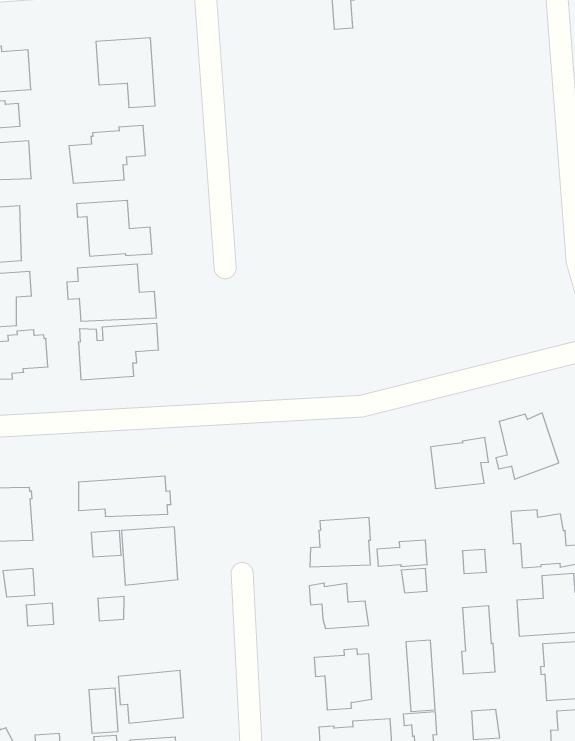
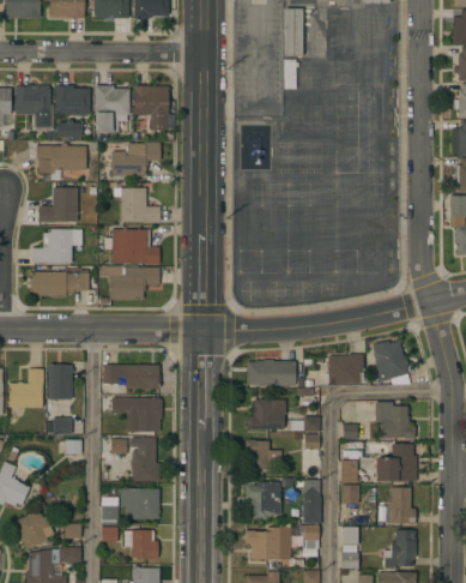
building: none -> [95,85,129,133]
building: none -> [247,360,295,387]
building: none -> [129,438,159,481]

